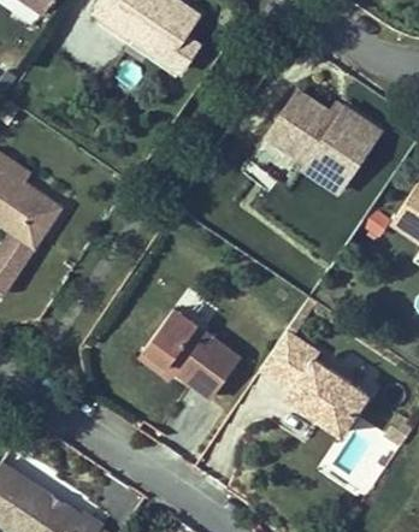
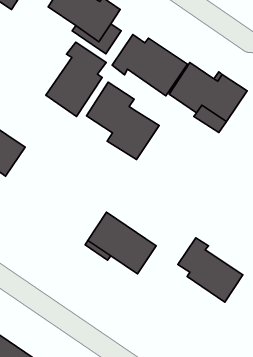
building: none -> [112,34,188,96]
building: none -> [46,42,106,116]
building: none -> [87,82,159,160]

